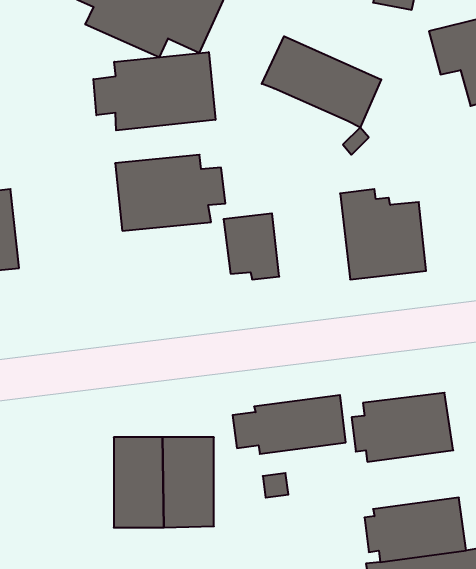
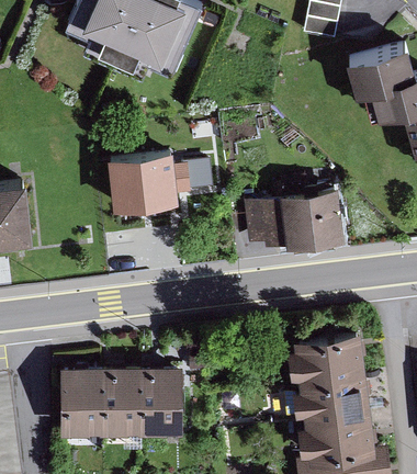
building: [262,36,381,127] -> none
building: [93,52,215,130] -> none
building: [223,213,279,279] -> [244,201,286,251]
building: [233,395,346,454] -> [283,380,370,425]
building: none -> [60,370,105,439]

